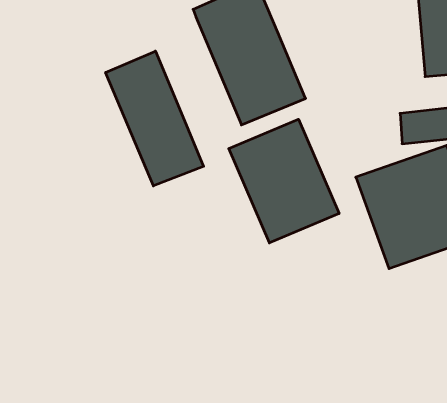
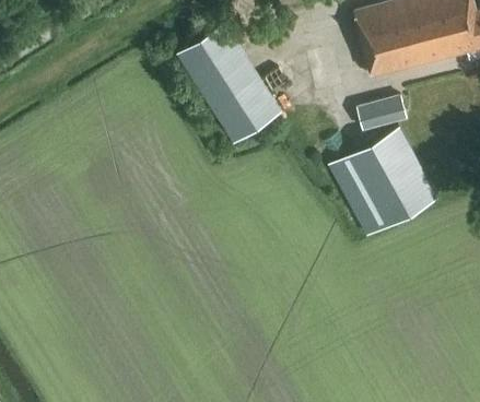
building: [106,51,204,186] -> none
building: [229,119,339,243] -> none

